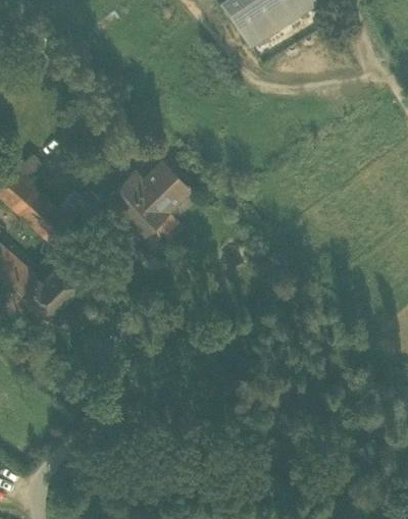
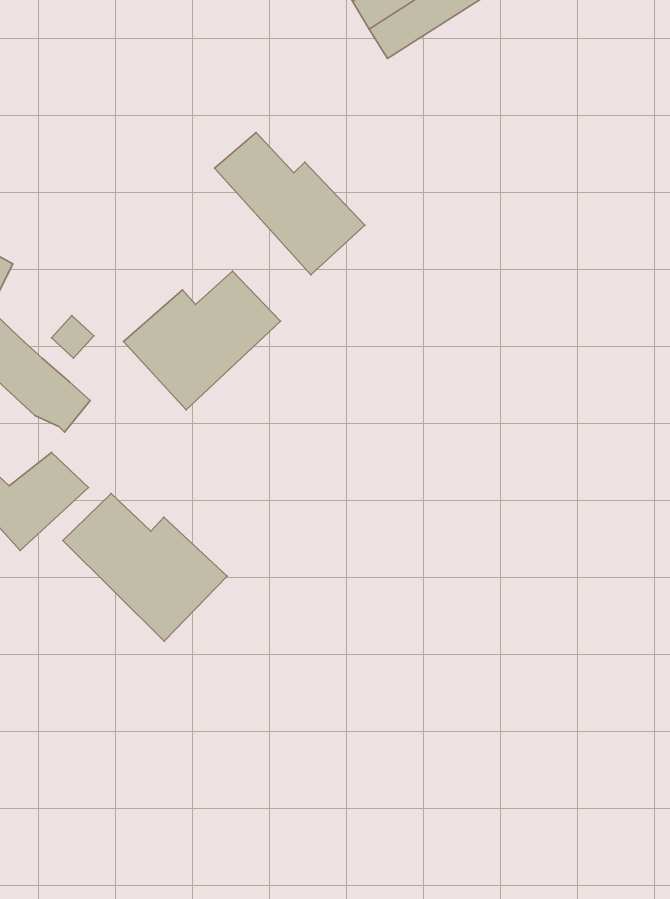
building: none -> [215,133,365,275]
building: none -> [63,493,227,641]

